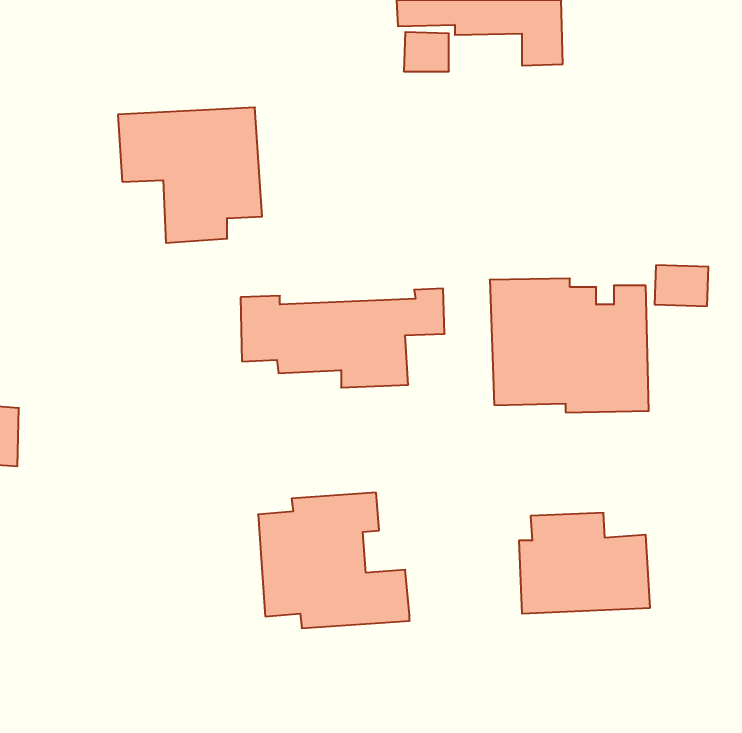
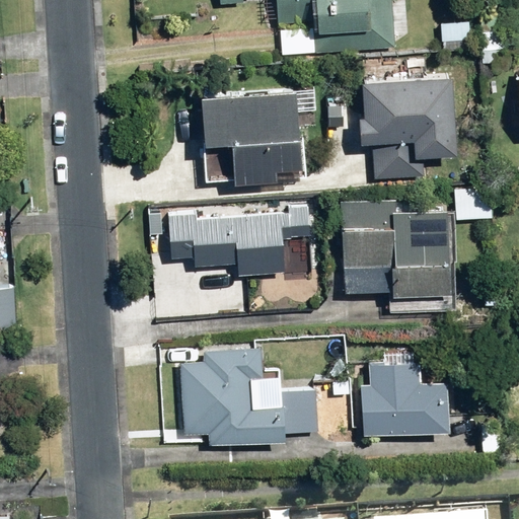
building: none -> [361,74,457,181]
building: [118,107,262,243] -> [202,90,302,184]
building: none -> [282,390,317,436]

